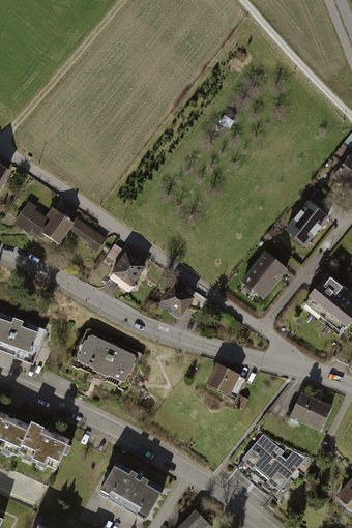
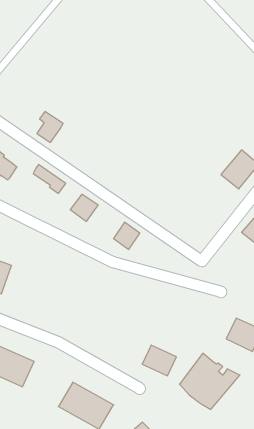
building: [42,206,72,241] -> [37,112,63,142]
building: [241,250,287,296] -> none
building: [69,328,142,389] -> none
building: [206,363,245,399] -> [142,345,176,376]

